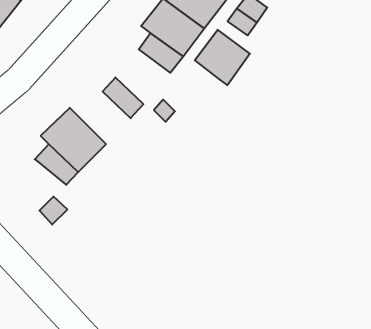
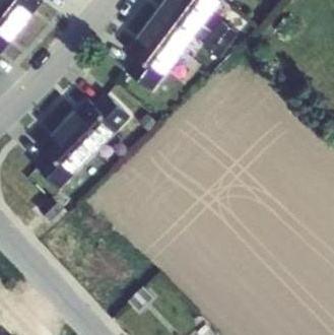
building: [195,30,250,85] -> none
building: none -> [65,98,118,150]

